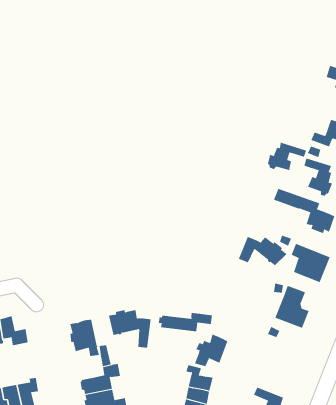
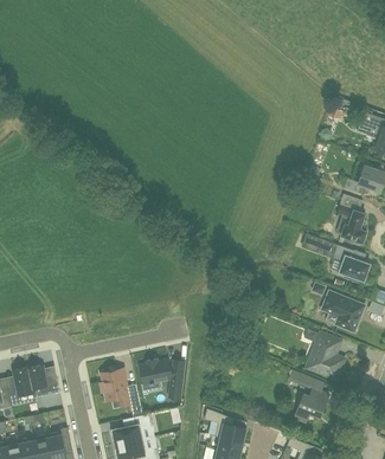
building: [267,142,307,171] -> none
building: [238,236,288,266] -> none
building: [158,312,212,332] -> none
building: [194,334,228,367] -> [294,389,328,422]

